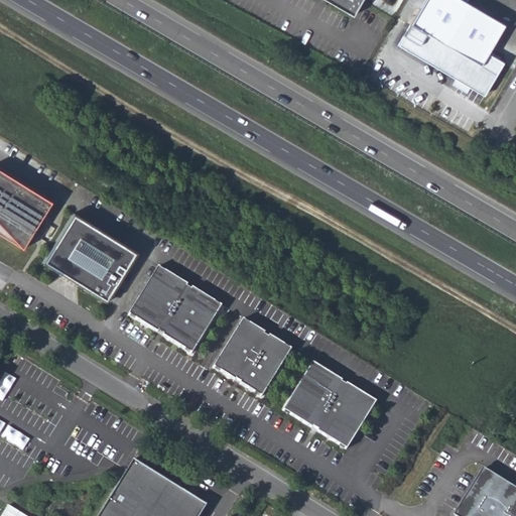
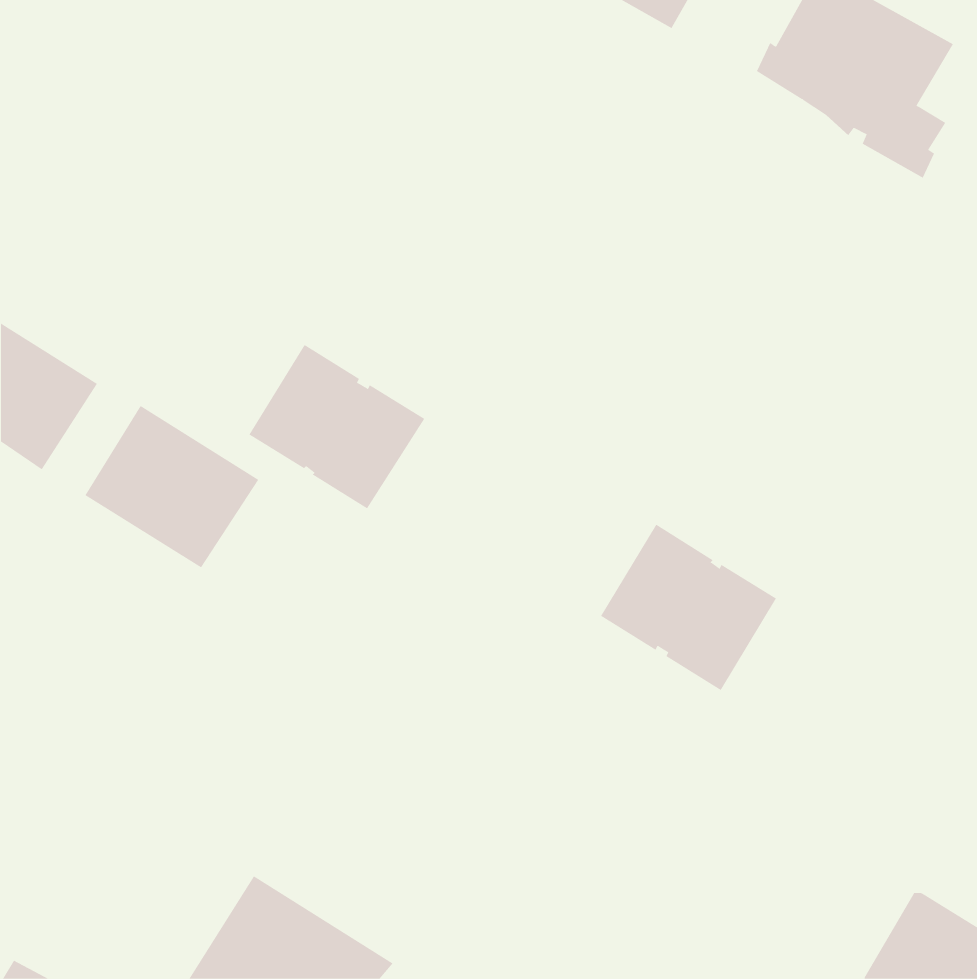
building: [130,265,223,352] -> [249,344,425,509]
building: [215,317,292,396] -> none
building: [284,361,377,448] -> [600,524,777,691]

